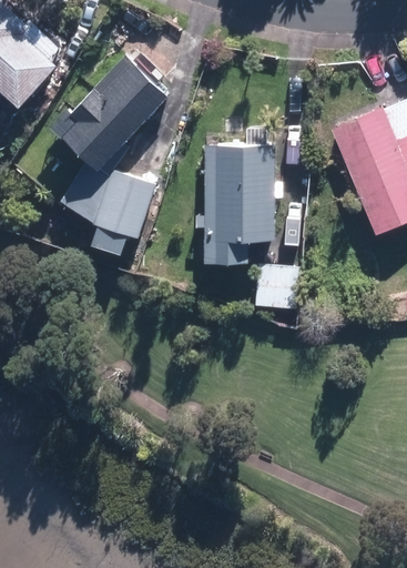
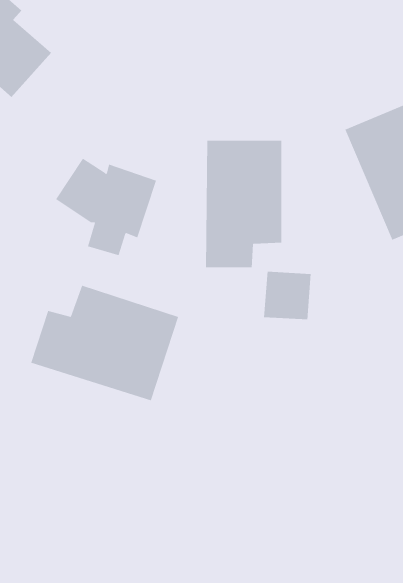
building: [61,54,166,168] -> none
building: none -> [30,285,179,401]

